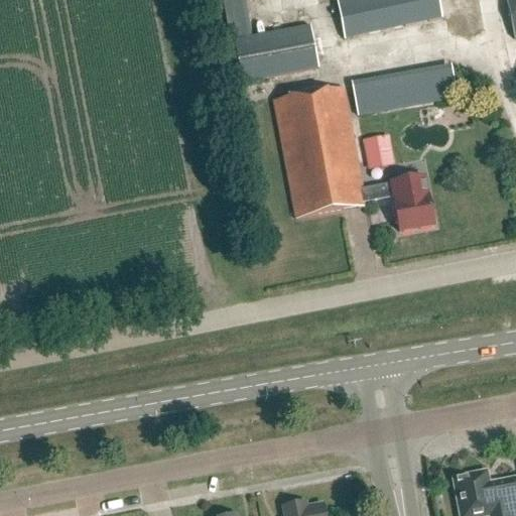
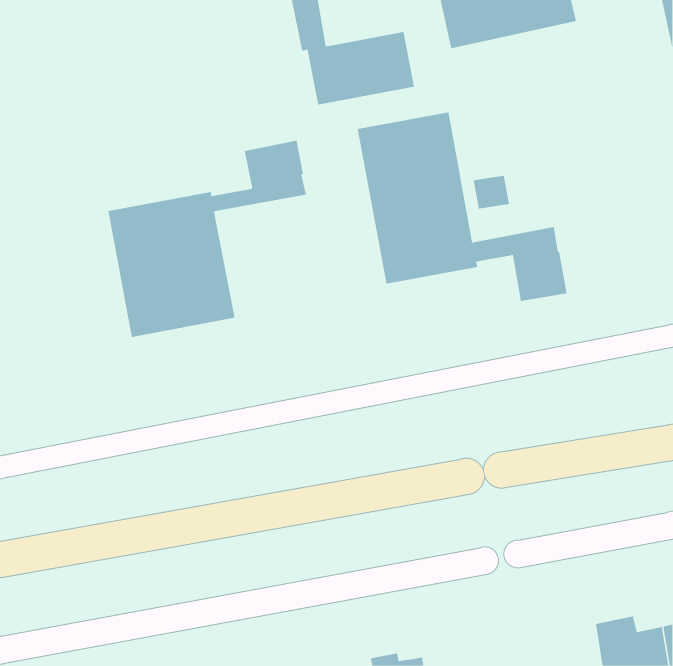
building: [355,61,460,112] -> none
building: none -> [108,140,307,338]

